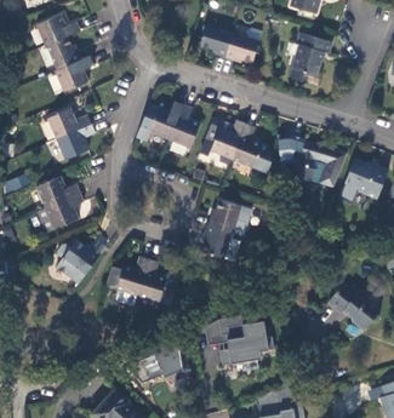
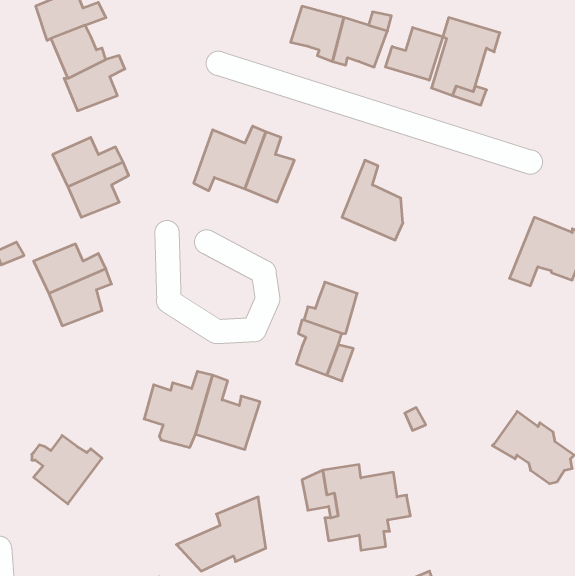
building: none -> [385,27,443,80]
building: [209,119,245,159] -> none
building: [292,133,344,190] -> none
building: [55,239,99,282] -> [32,435,102,504]

